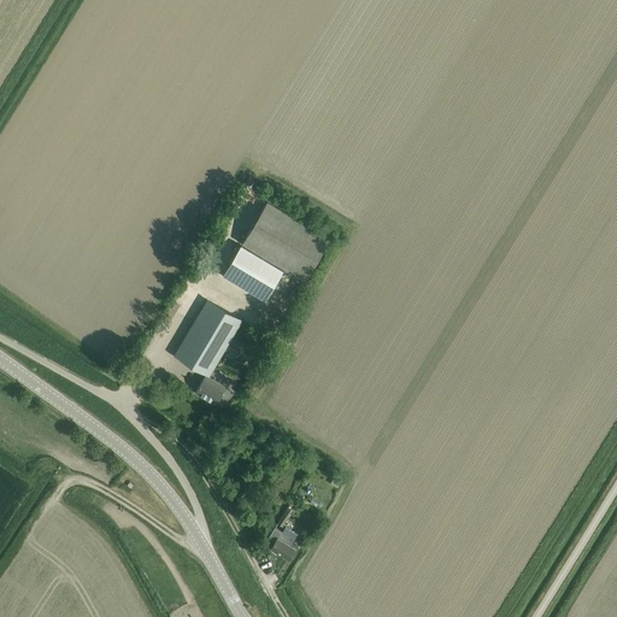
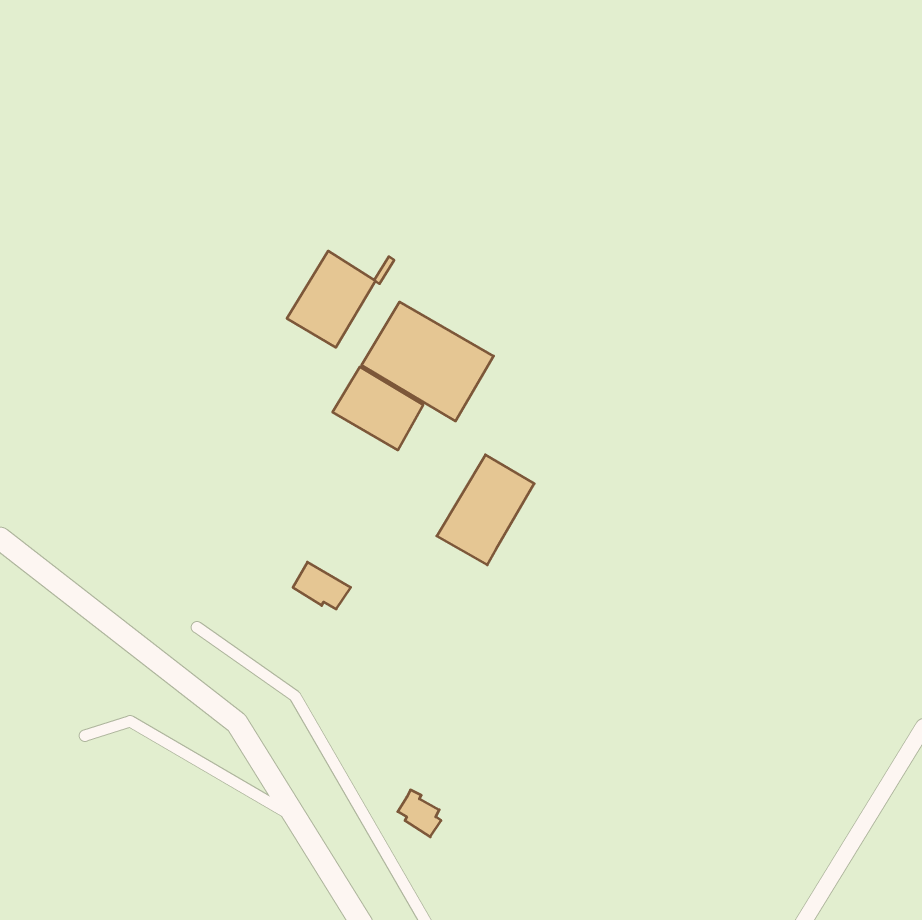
building: none -> [287,251,375,347]
building: [176,302,241,376] -> [437,455,534,565]

